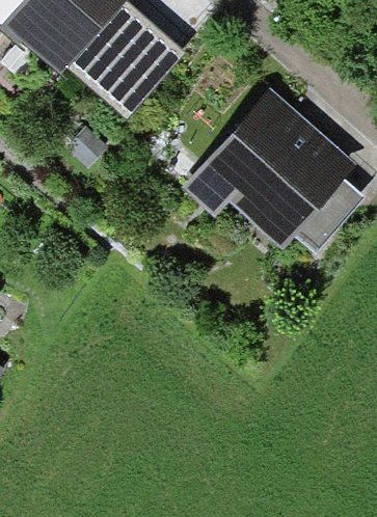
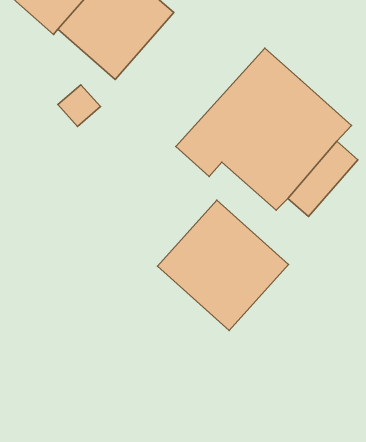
building: none -> [157,200,288,330]

